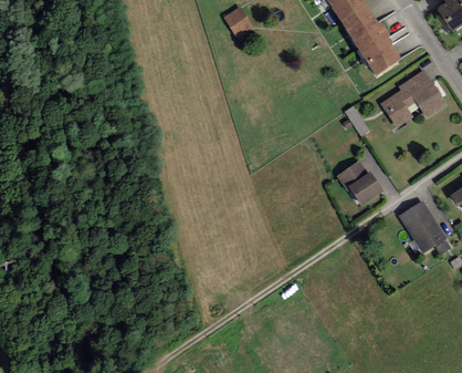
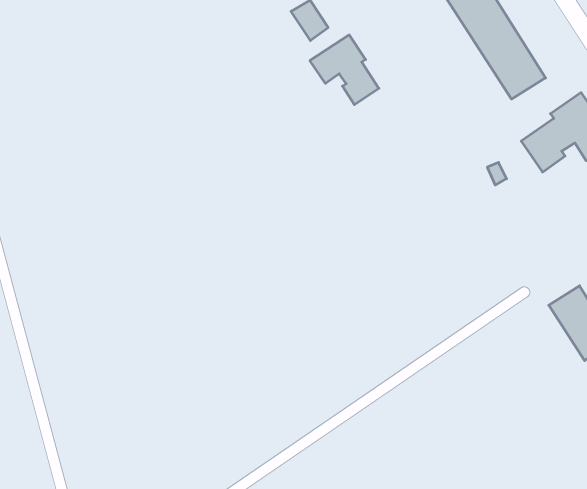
building: none -> [310,35,379,105]
building: [340,160,380,204] -> none

